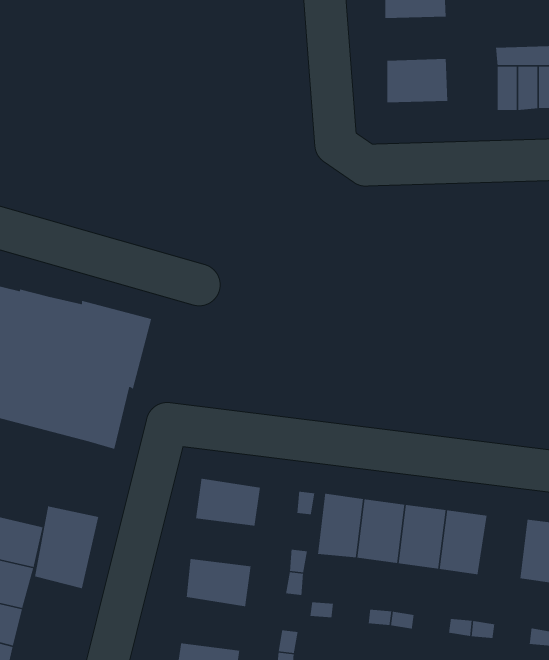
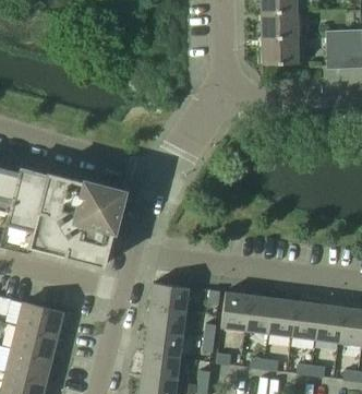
building: none -> [261,14,297,39]
building: [34,506,99,589] -> none
building: none -> [315,305,343,342]
building: none -> [147,307,185,334]
building: none -> [142,353,180,383]

